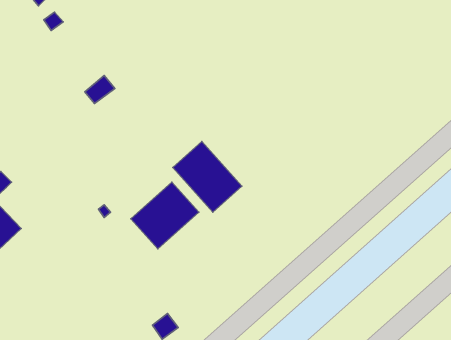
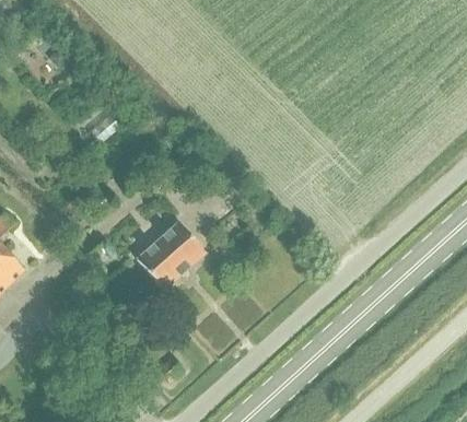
building: [173,142,242,212] -> none

